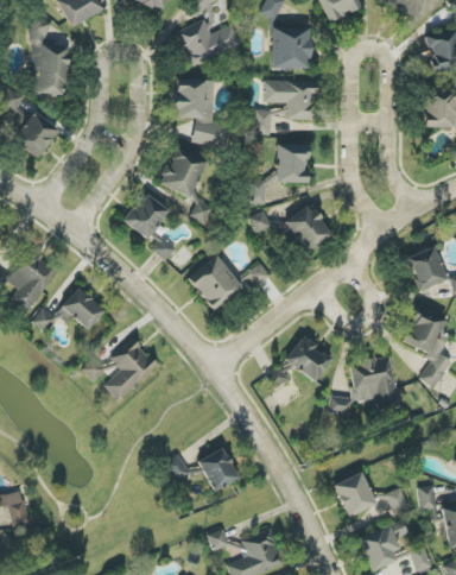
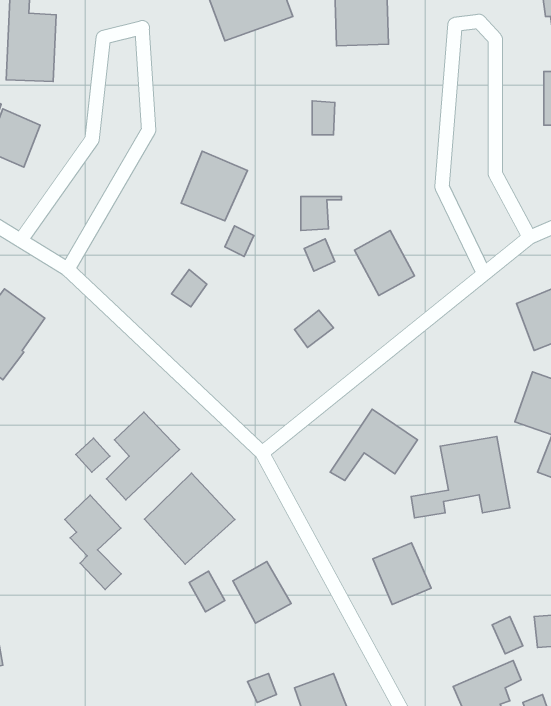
building: [176,78,229,146] -> none
building: [264,81,317,120] -> none
building: [277,144,309,183] -> none
building: [125,192,169,239] -> none
building: [189,255,242,310] -> none
building: [32,288,104,331] -> none
building: none -> [145,473,235,564]
building: none -> [65,495,121,589]
building: [334,472,376,517] -> [373,543,431,604]

